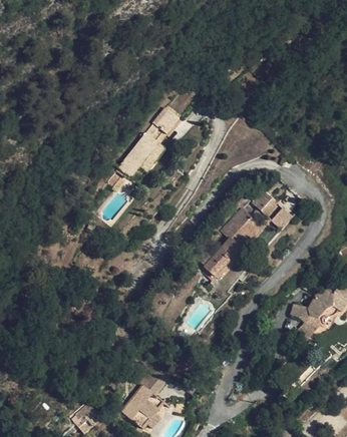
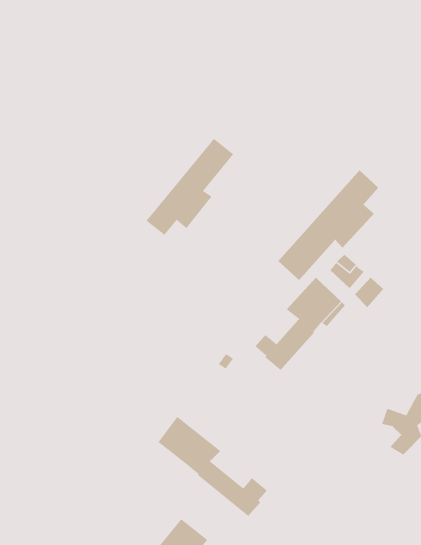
building: none -> [278,170,379,281]
building: none -> [157,416,268,517]

